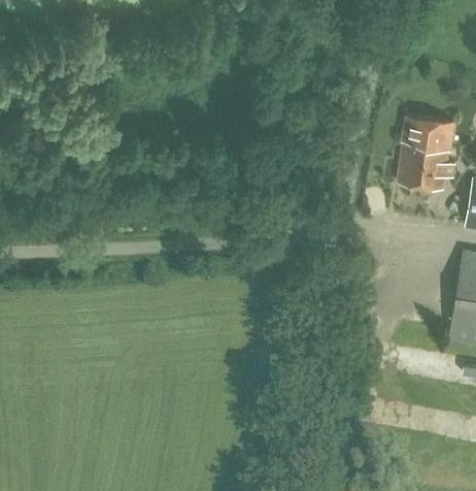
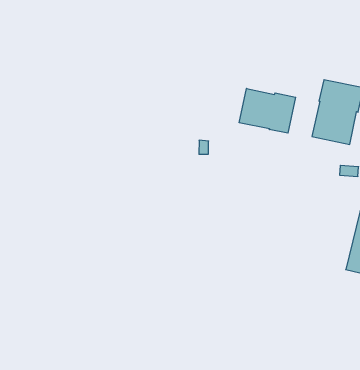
building: none -> [239,88,296,133]

